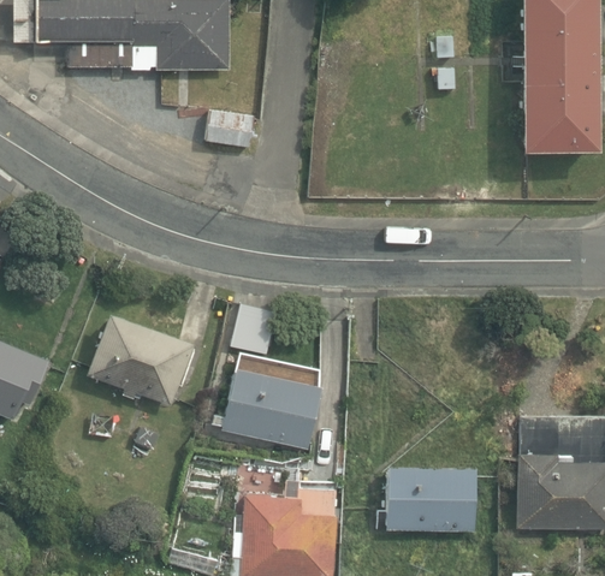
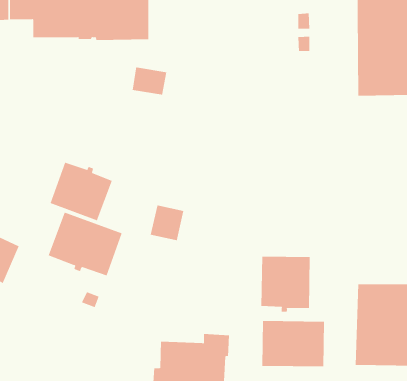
building: none -> [50,162,112,221]
building: [221,367,322,447] -> none
building: none -> [261,256,310,313]

